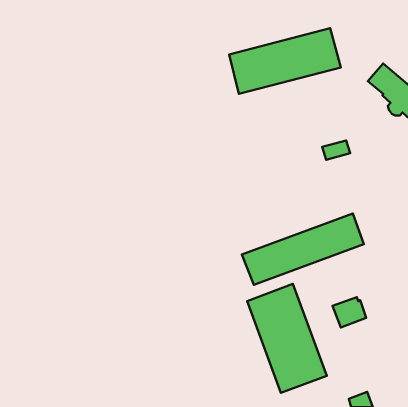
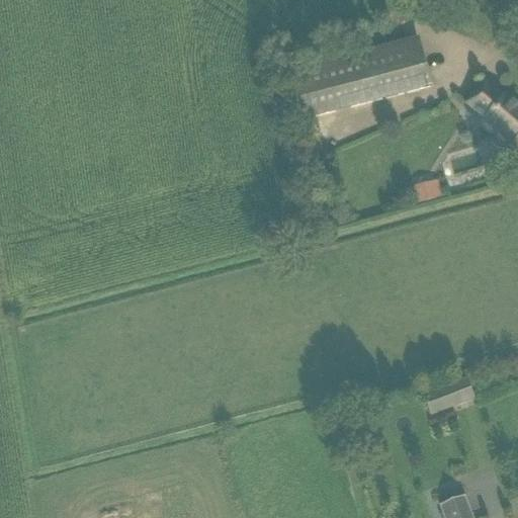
building: [242,213,364,285] -> none
building: [247,284,327,393] -> none

